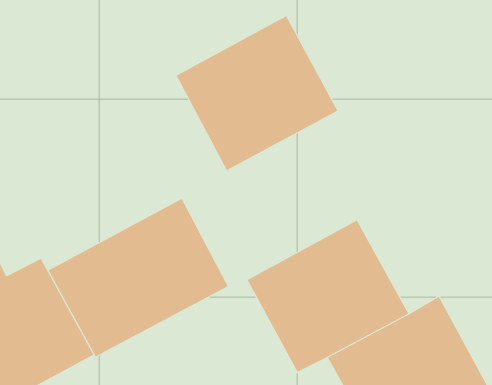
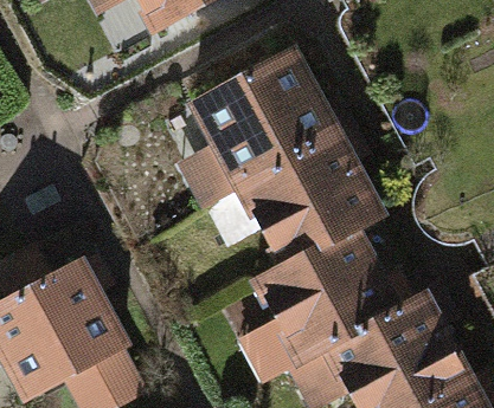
building: none -> [240,135,381,267]
building: [48,198,228,357] -> none

